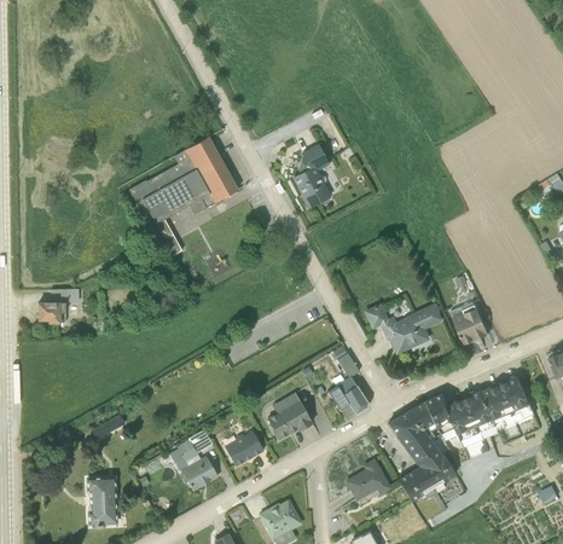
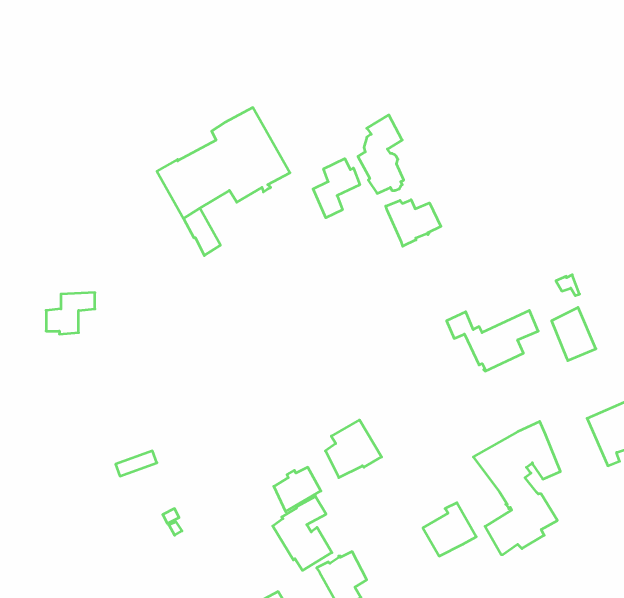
building: none -> [313,159,360,218]
building: none -> [386,200,441,246]
building: [329,353,368,418] -> none
building: [447,392,499,448] -> none
building: [169,430,217,491] -> [273,496,332,570]
building: [86,476,118,528] -> none

